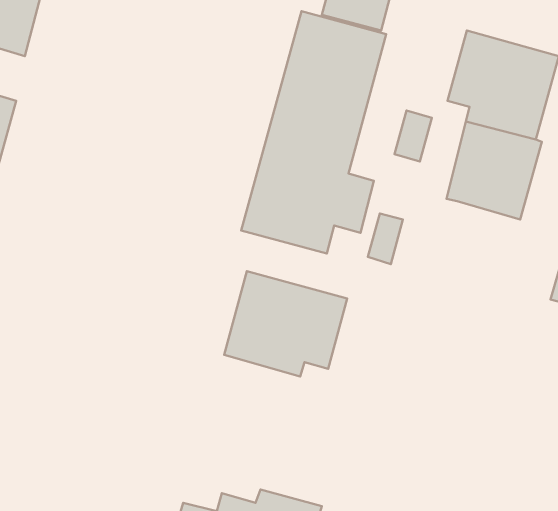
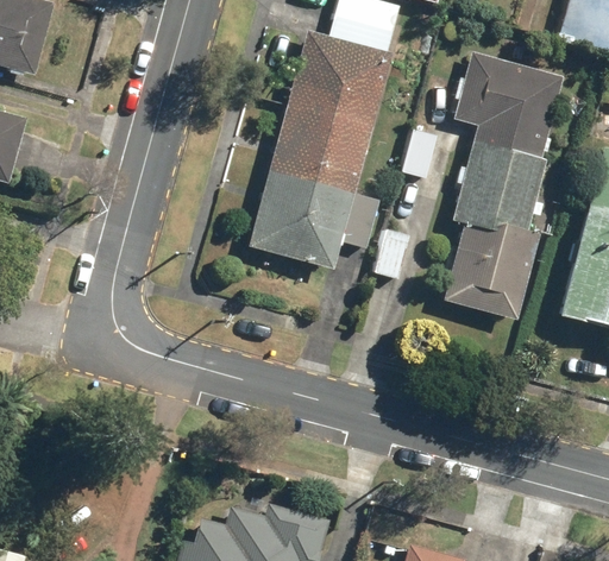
building: none -> [440,219,536,322]
building: [224,271,347,377] -> none

